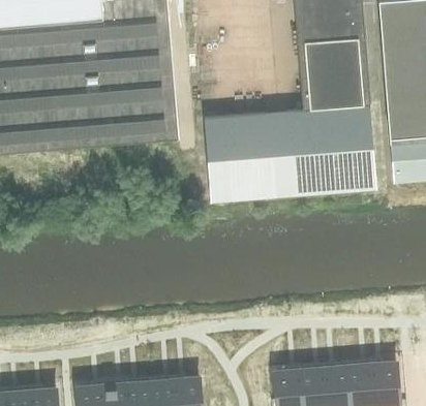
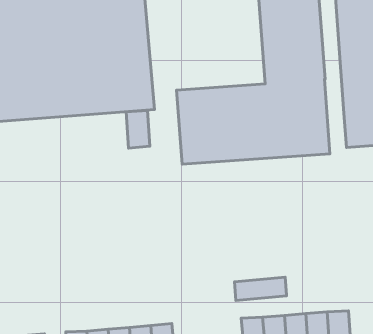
building: none -> [126,111,150,148]
building: none -> [235,277,287,300]

